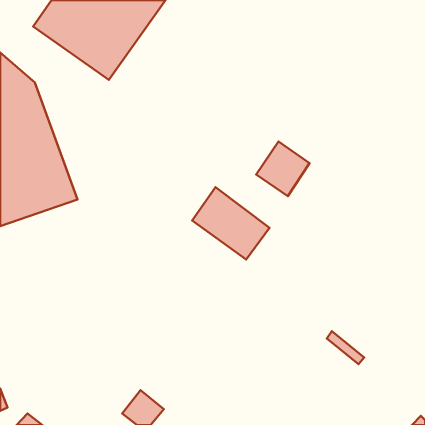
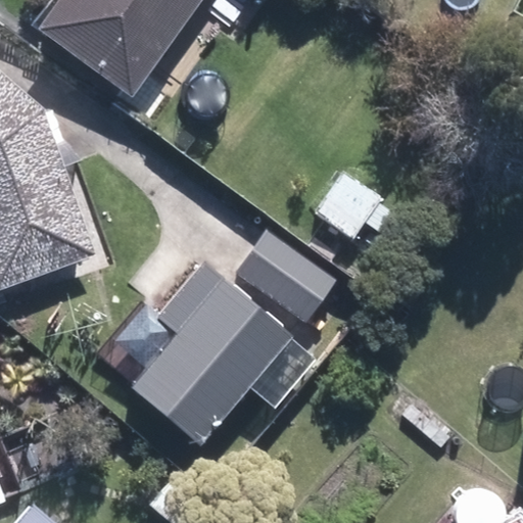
building: none -> [134,274,289,434]

